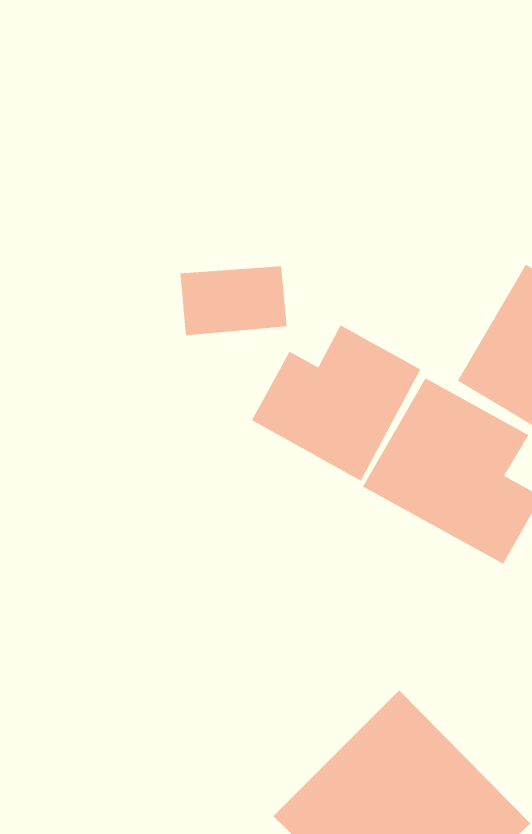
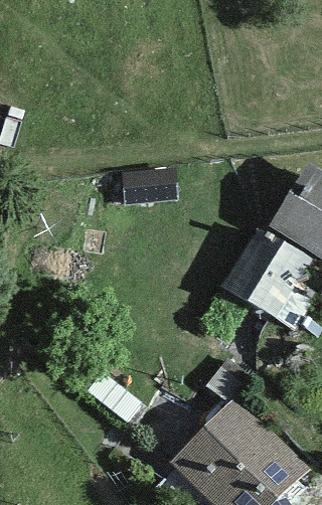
building: [251,324,422,482] -> none

